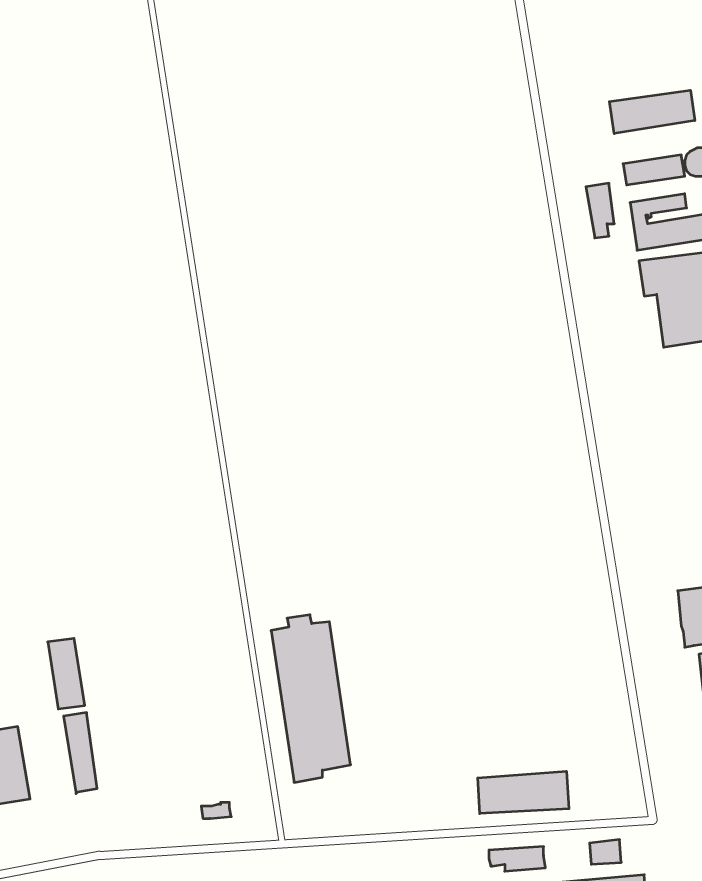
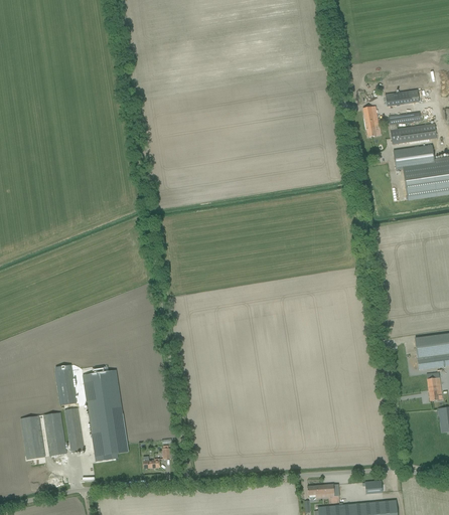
building: [609,90,695,134] -> none
building: [271,615,351,782] -> [83,366,128,462]
building: none -> [43,412,66,456]
building: [478,771,569,814] -> none

